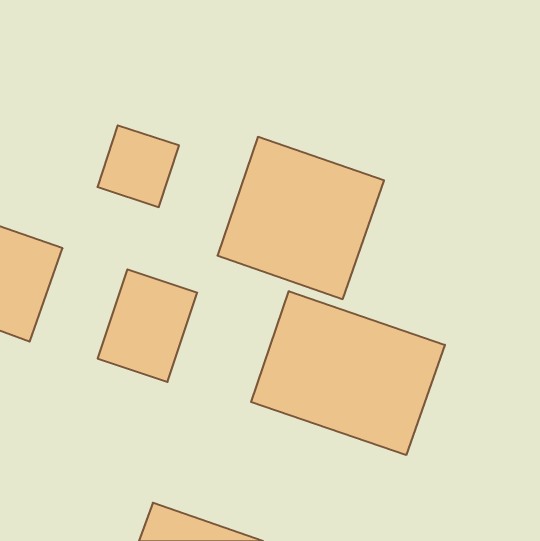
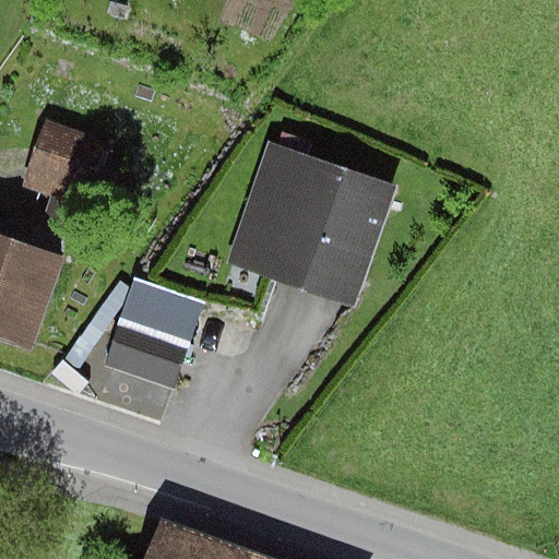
building: [97,125,179,207] -> [23,120,107,204]
building: [251,291,445,455] -> none

